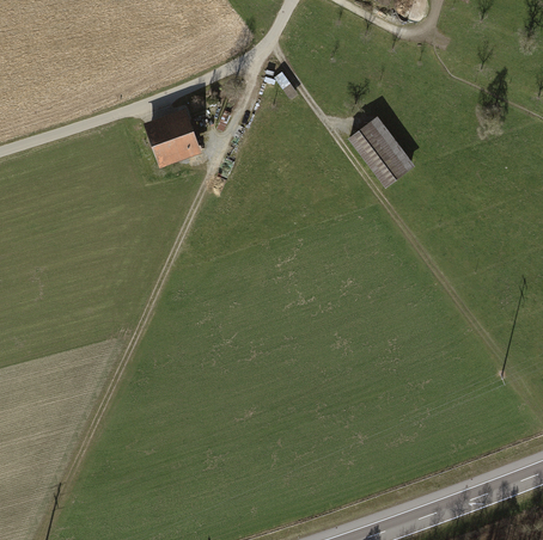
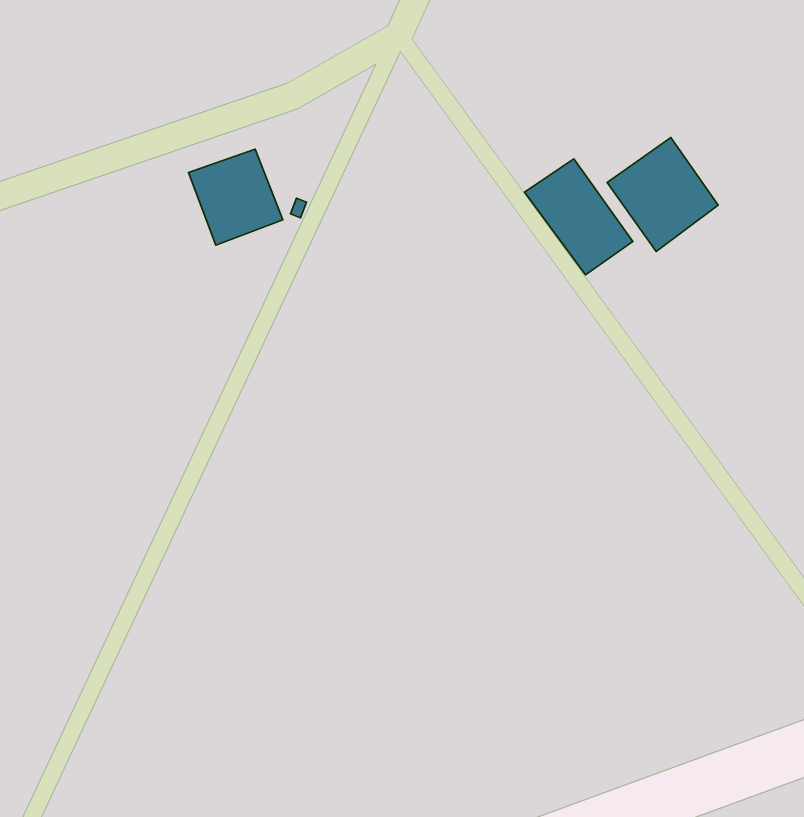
building: none -> [607,137,718,252]

